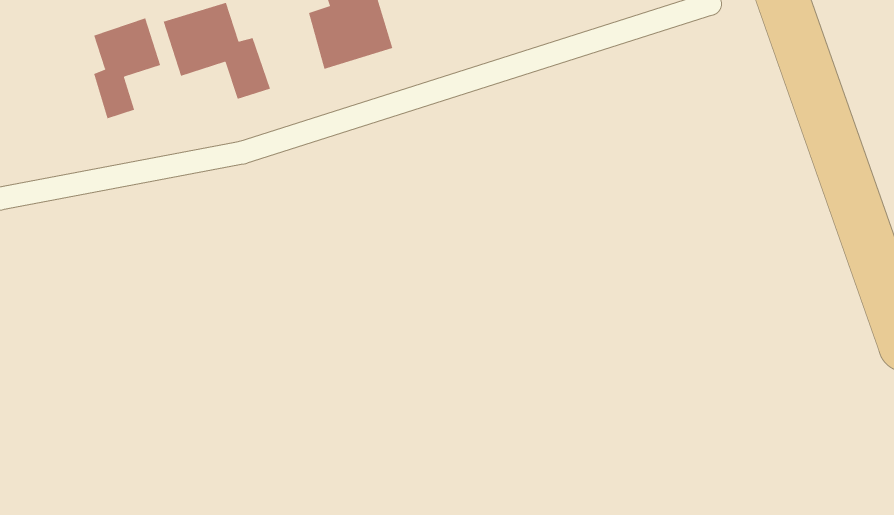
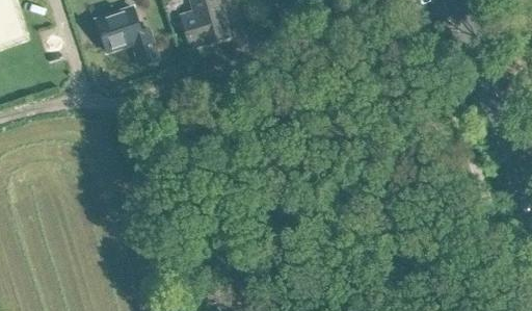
building: [93,17,161,119] -> none

